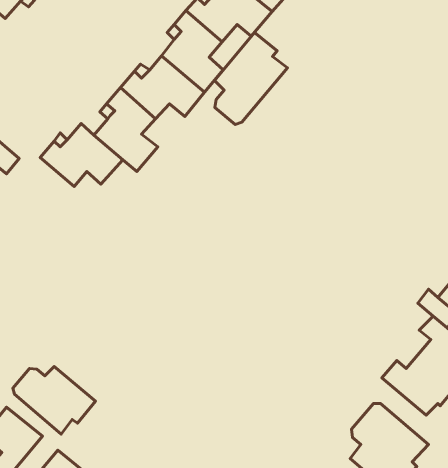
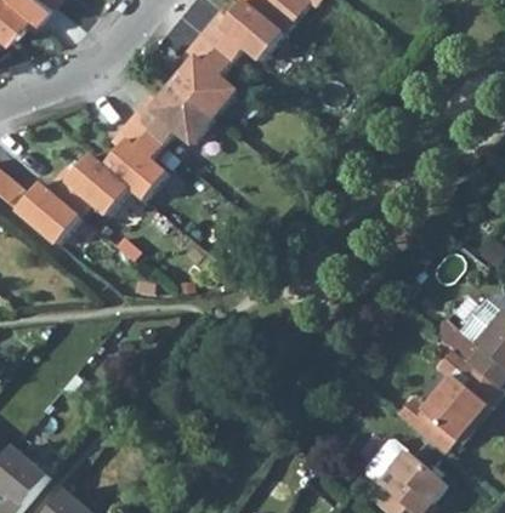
building: [214,32,288,124] -> none
building: none -> [17,182,80,244]
building: [13,366,95,434] -> none

